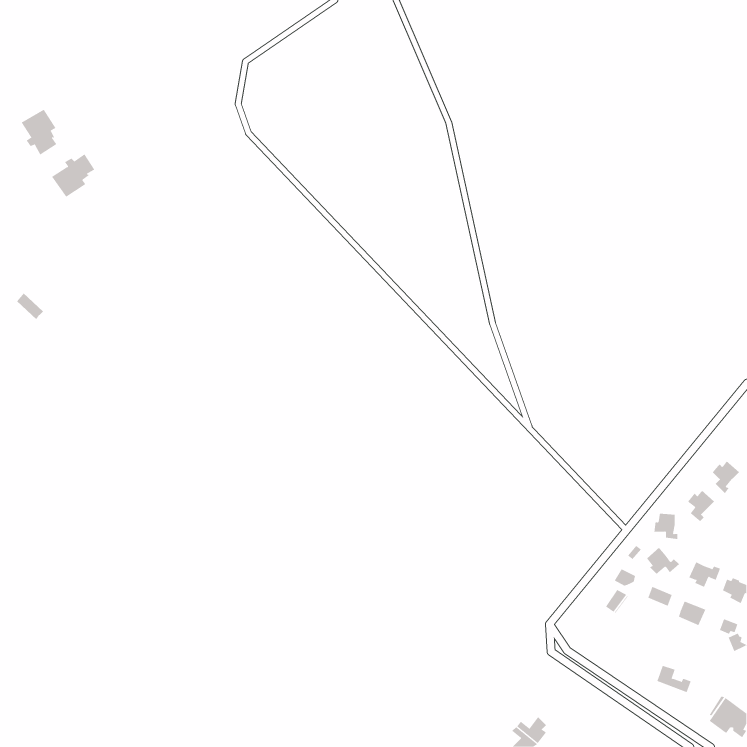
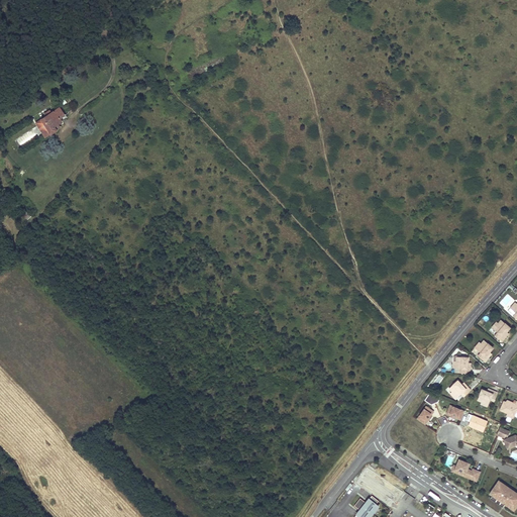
building: [21,109,57,155] -> none

